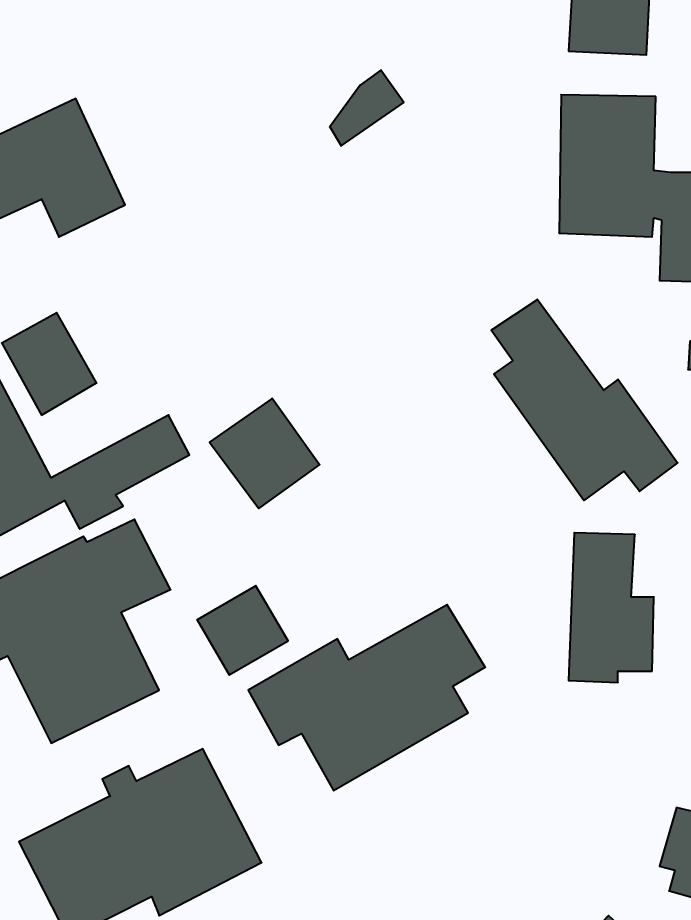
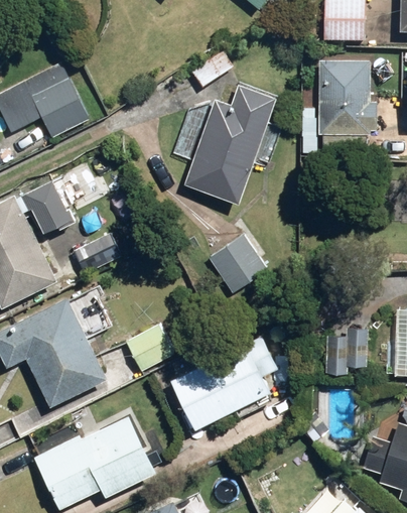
building: none -> [184,87,282,207]
building: [491,299,678,500] -> none
building: [210,398,320,508] -> [209,237,267,295]

